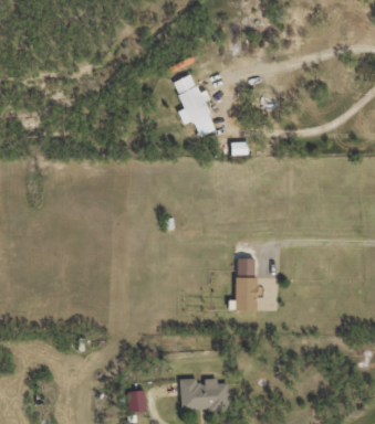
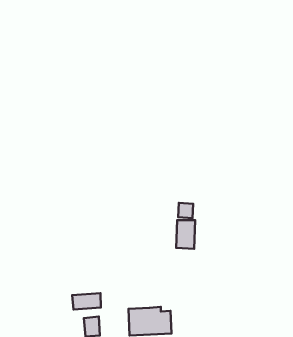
building: [174,75,217,138] -> none
building: none -> [72,293,101,309]

